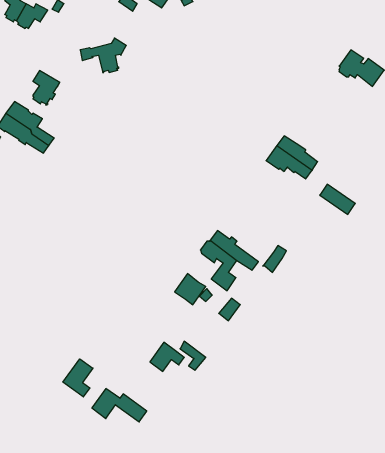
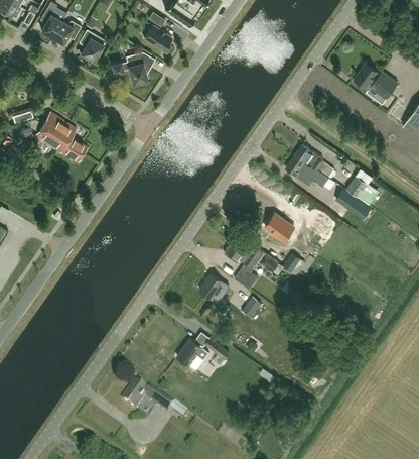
building: none -> [143,25,171,52]
building: [33,71,60,105] -> [80,29,105,62]
building: none -> [345,175,378,205]
building: none -> [268,215,297,243]
building: [63,359,93,397] -> none

